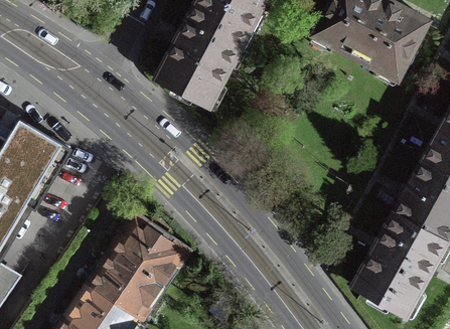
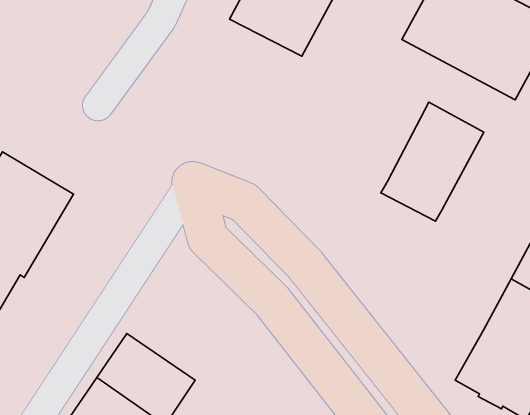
building: [155,20,240,107] -> none
building: none -> [381,102,484,221]
building: [111,216,185,286] -> none

